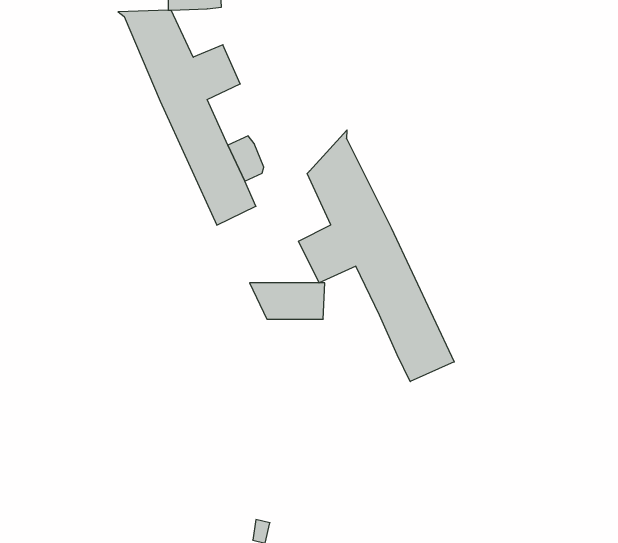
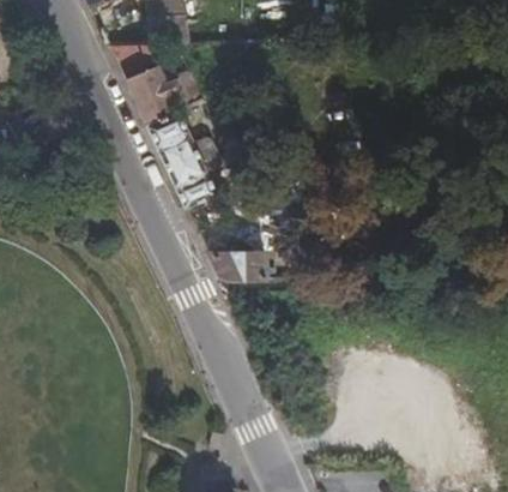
building: [299,130,454,382] -> none

